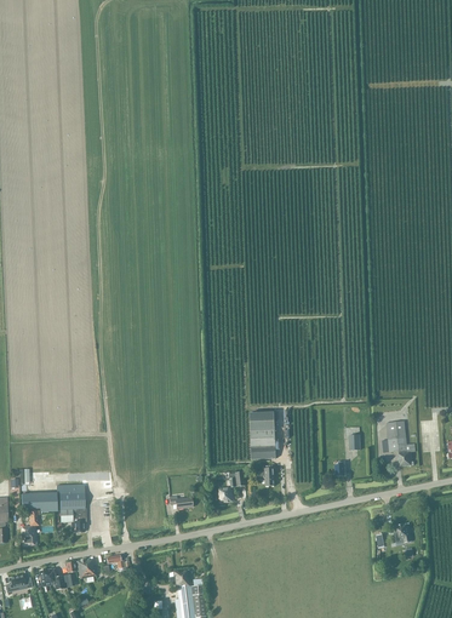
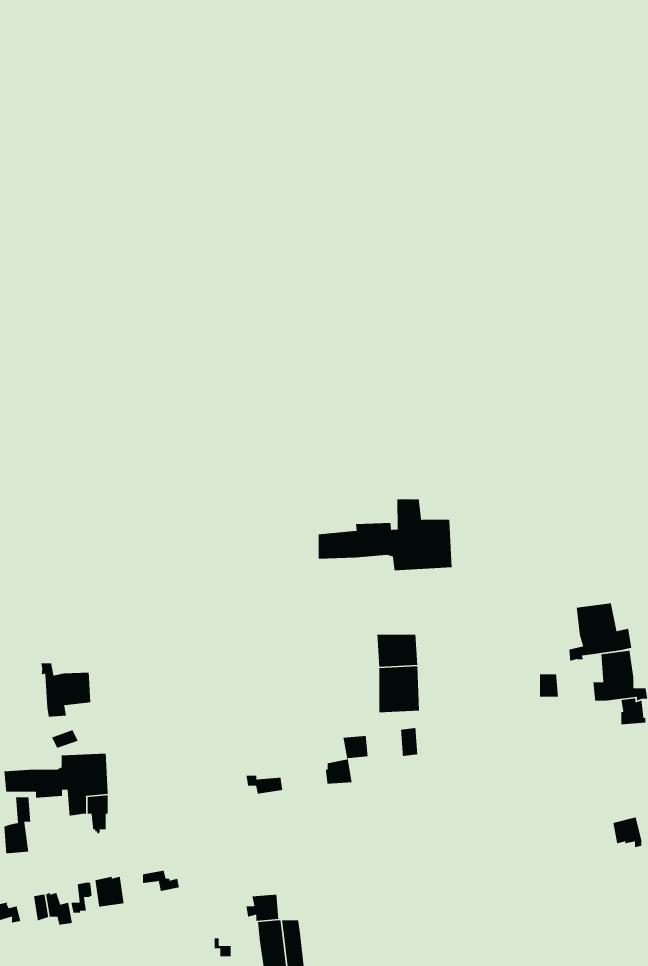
building: none -> [318,498,453,571]
building: none -> [568,602,632,662]
building: none -> [41,663,91,718]

